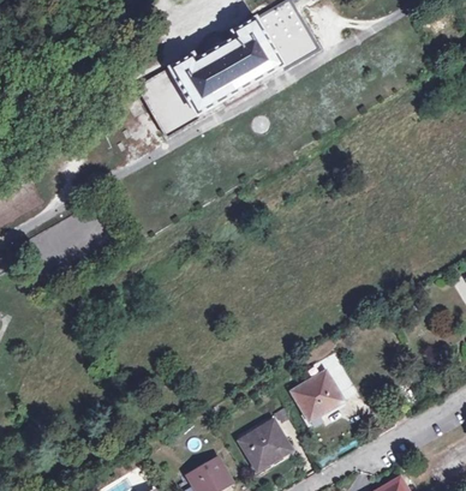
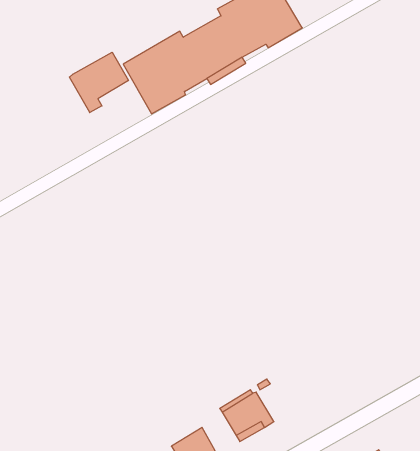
building: none -> [69,52,128,113]
building: [291,372,342,421] -> none

